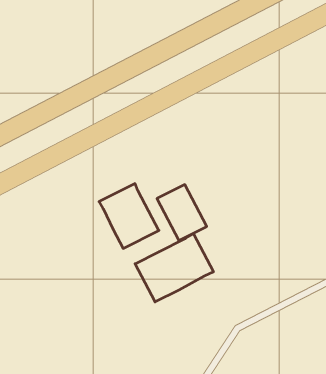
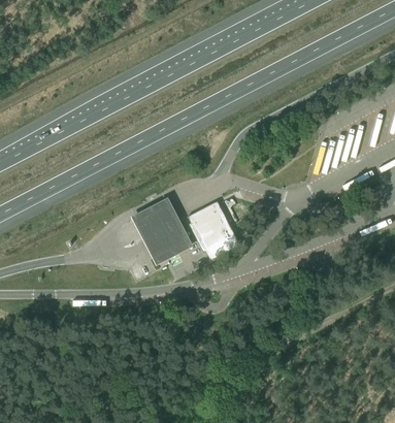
building: [135,234,213,302] -> none

